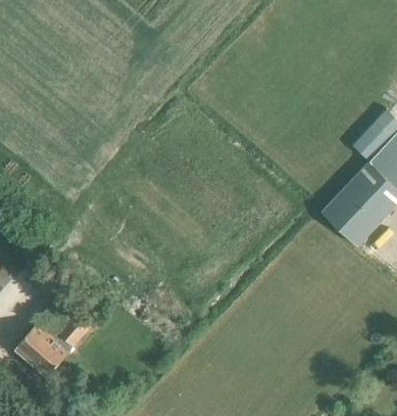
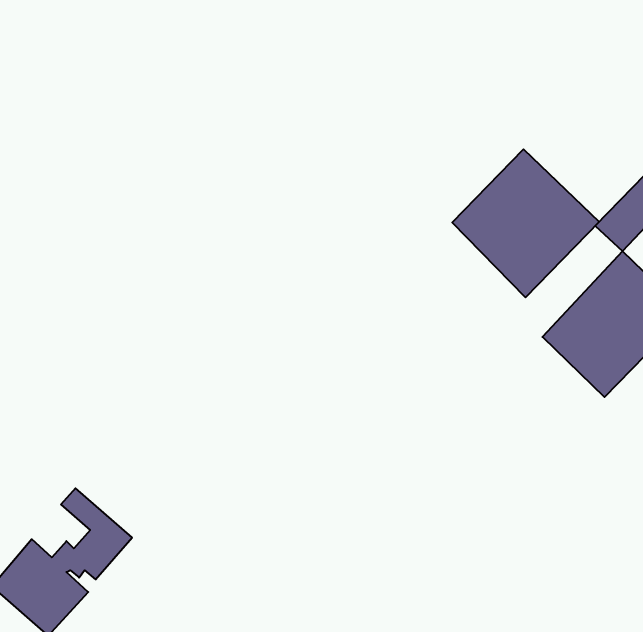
building: none -> [452,149,599,297]

